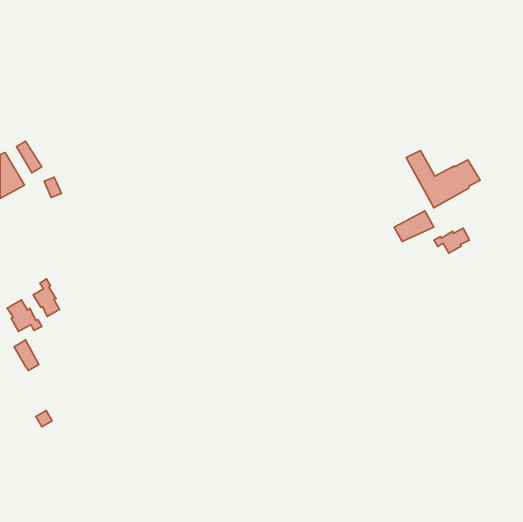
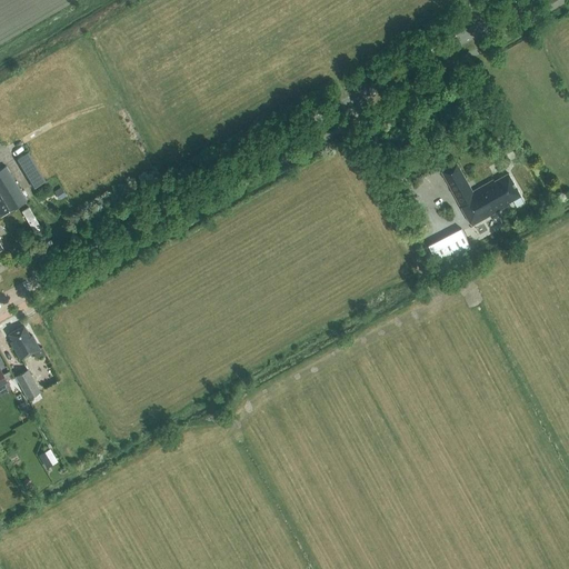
building: [434,228,470,253] -> none
building: [33,279,59,316] -> none

